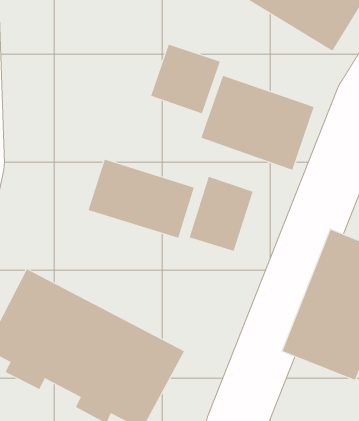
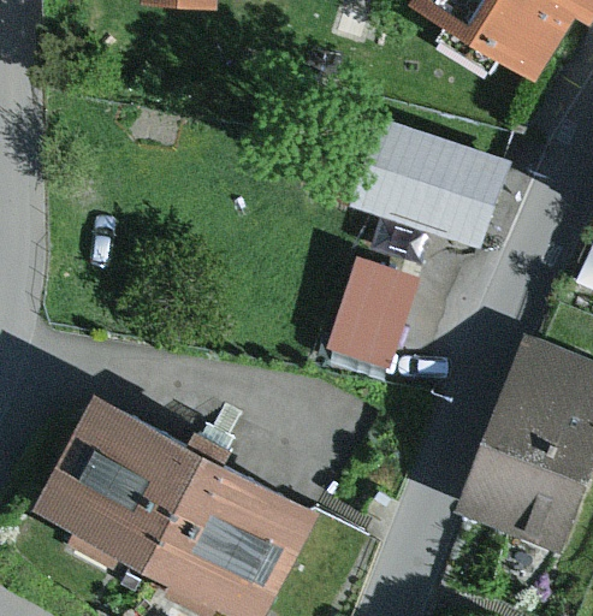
building: [151,44,221,114] -> none
building: [88,159,195,239] -> none

